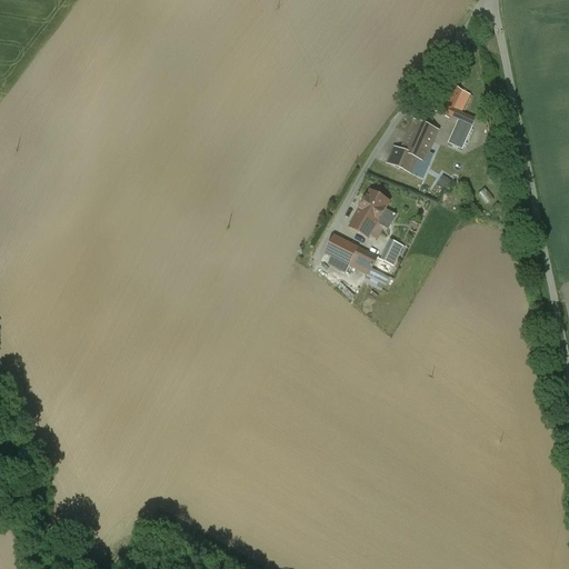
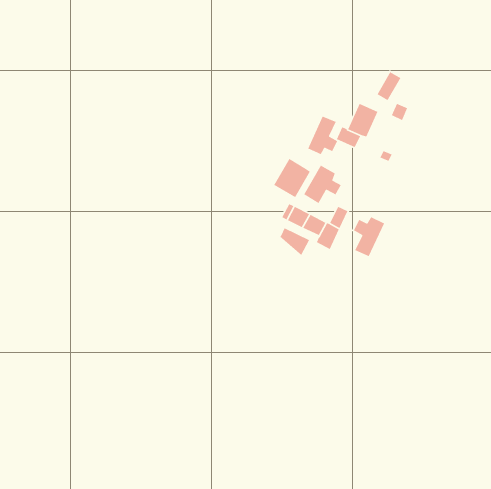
building: none -> [307,115,338,155]
building: none -> [273,158,311,198]
building: none -> [353,216,385,257]

